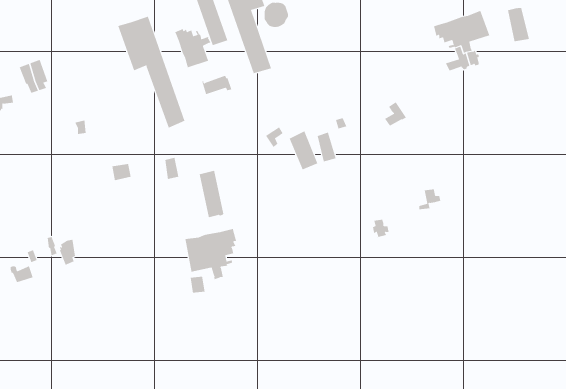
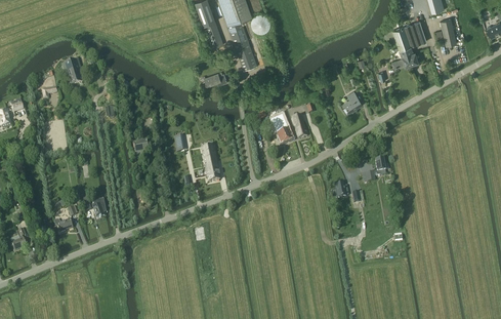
building: [118,16,185,128] -> none
building: [175,28,211,68] -> none
building: [185,228,237,280] -> none

